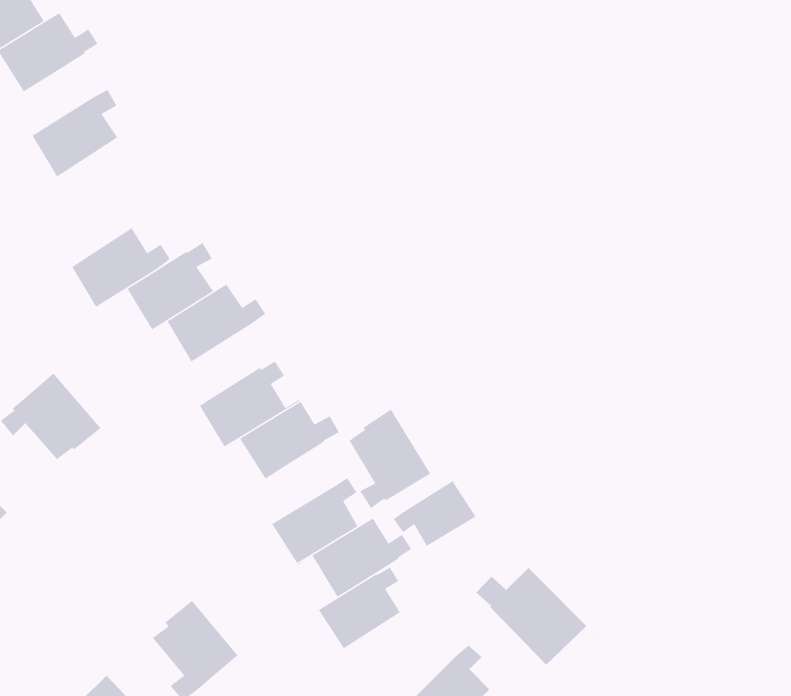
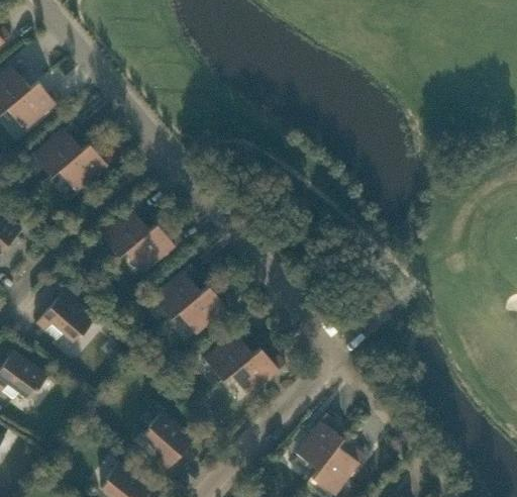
building: [57,227,171,308] -> [47,144,112,194]
building: [349,408,431,509] -> none
building: [393,480,476,554] -> none
building: [318,566,401,658] -> none
building: [476,567,601,665] -> none

